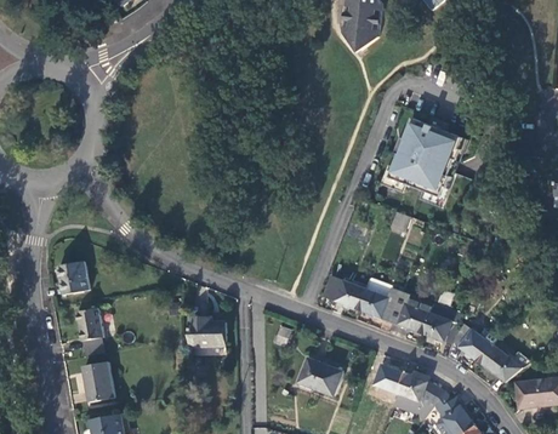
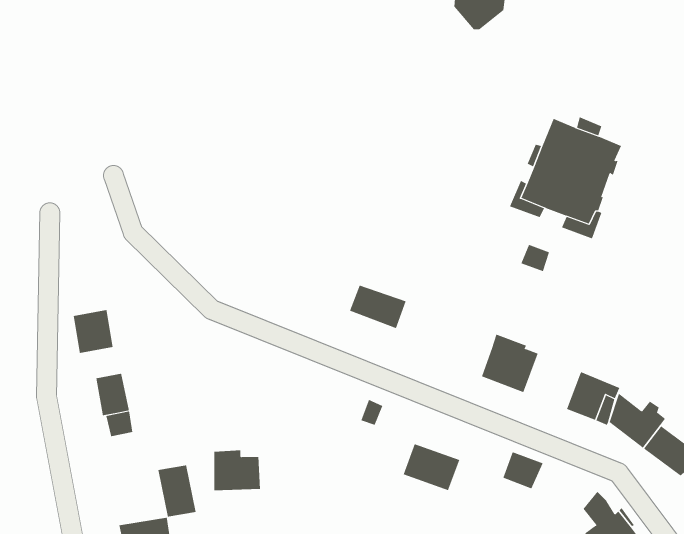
building: [324,276,366,309] -> [349,285,406,329]
building: [391,292,432,333] -> none
building: [187,315,222,346] -> [213,450,261,491]
building: [81,360,110,399] -> [157,465,197,517]
building: [392,373,434,421] -> none

